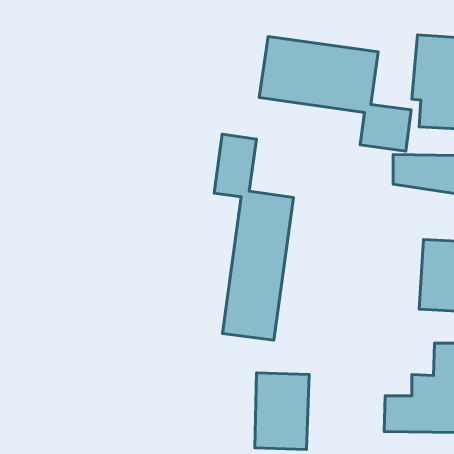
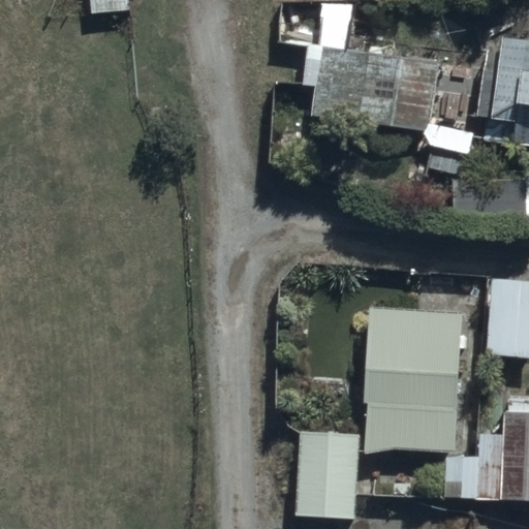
building: [214,134,293,340] -> none
building: none -> [367,310,464,449]

